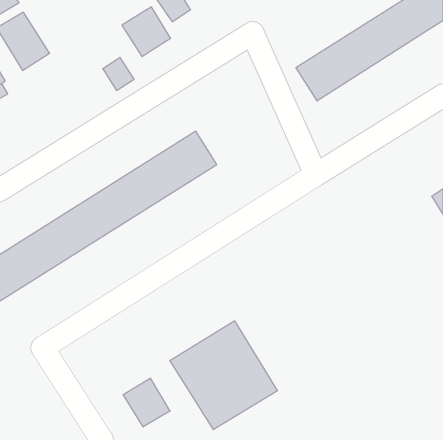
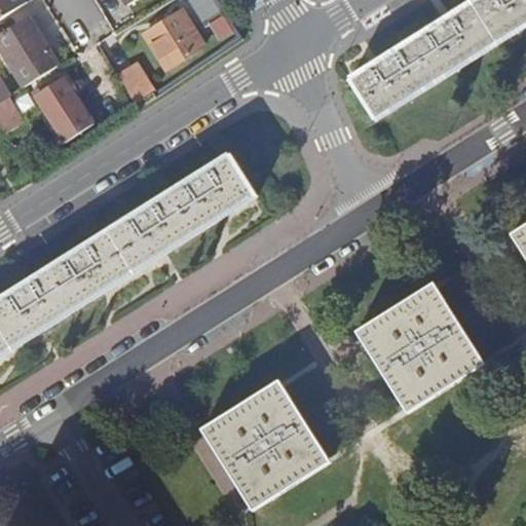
building: none -> [35,78,91,139]
building: none -> [354,281,483,412]
building: [123,378,170,427] -> none

